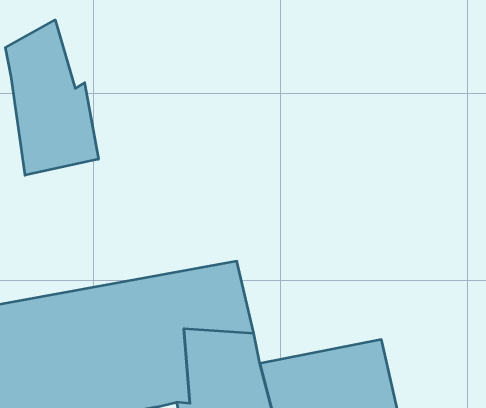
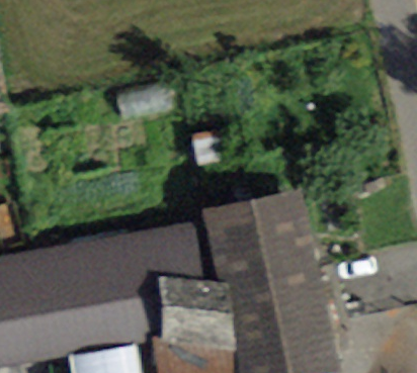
building: [5,20,98,175] -> none
building: none -> [198,186,323,306]

